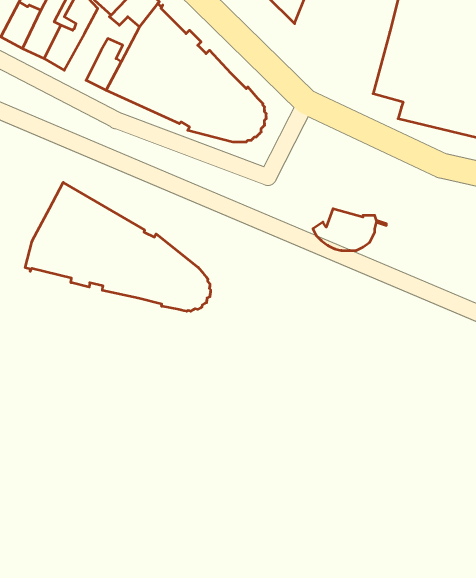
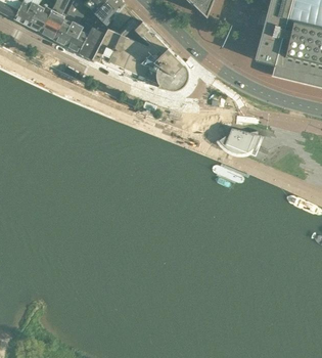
building: none -> [66,12,97,52]
building: [25,182,211,311] -> none

